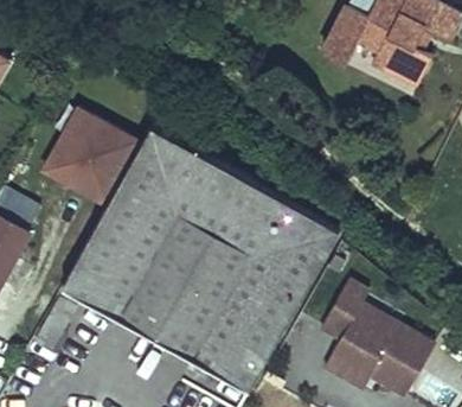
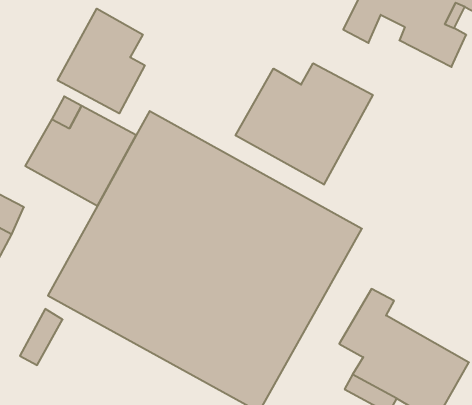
building: none -> [58,9,145,113]
building: none -> [236,63,373,185]

